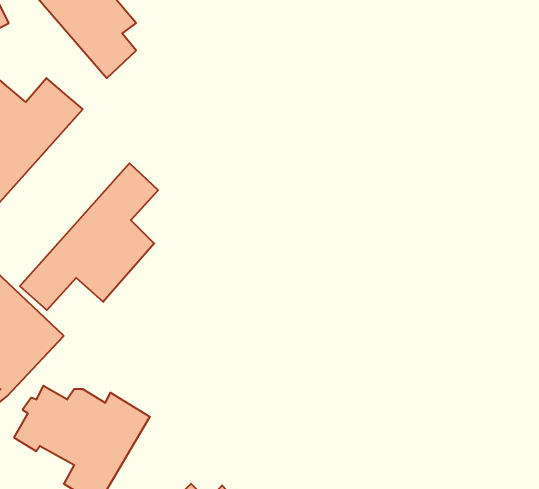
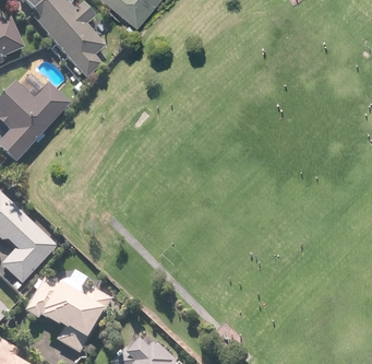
building: [20,163,158,310] -> none

